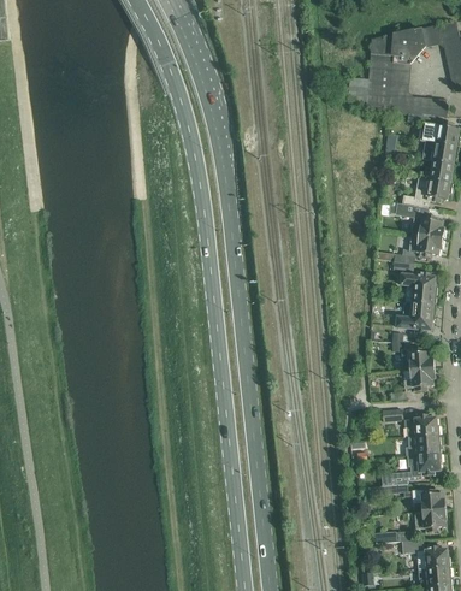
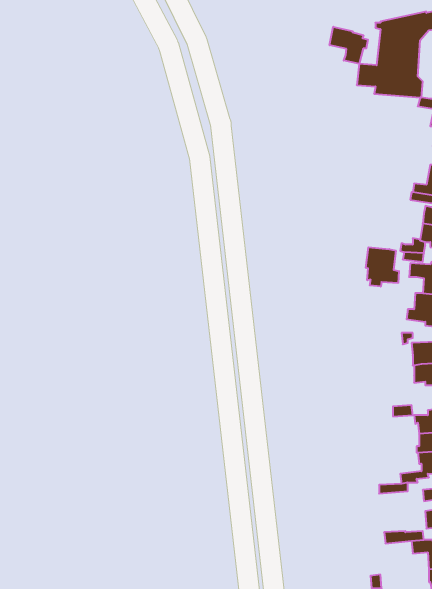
building: none -> [330,27,368,64]
building: none -> [366,247,399,287]

